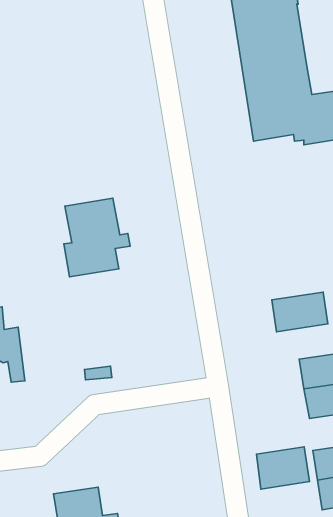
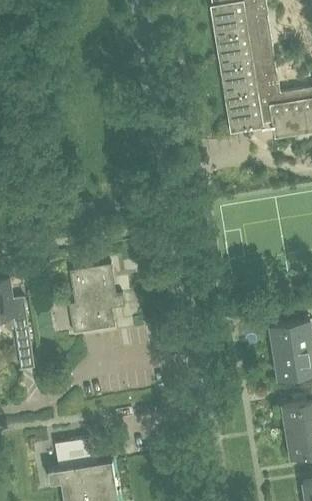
building: [64,198,130,277] -> [68,264,126,333]
building: [272,292,328,332] -> none
building: [257,447,310,489] -> none

